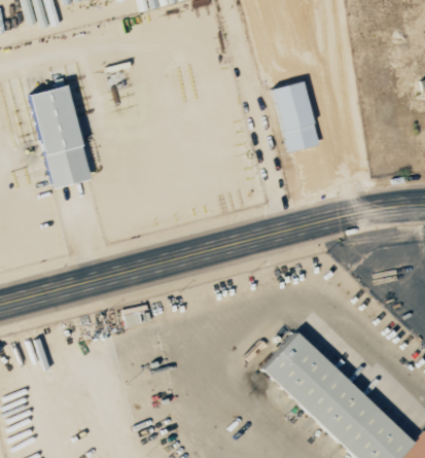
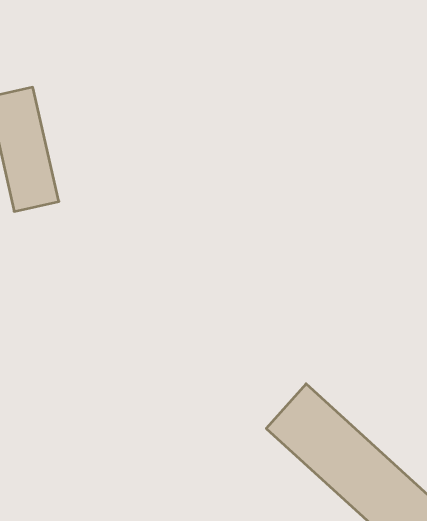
building: [274,81,320,152] -> none

